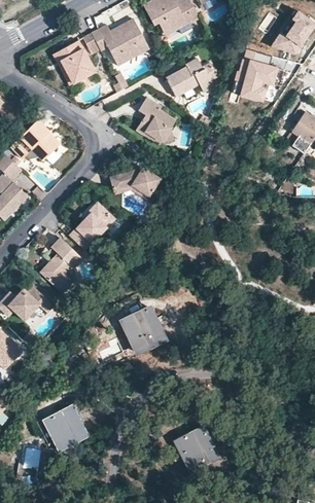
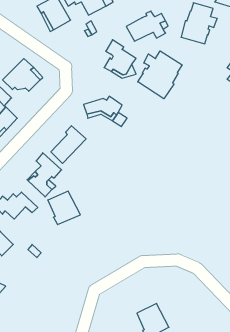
building: none -> [138,51,182,99]
building: [124,307,165,349] -> [48,191,80,225]
building: [46,405,86,450] -> none

